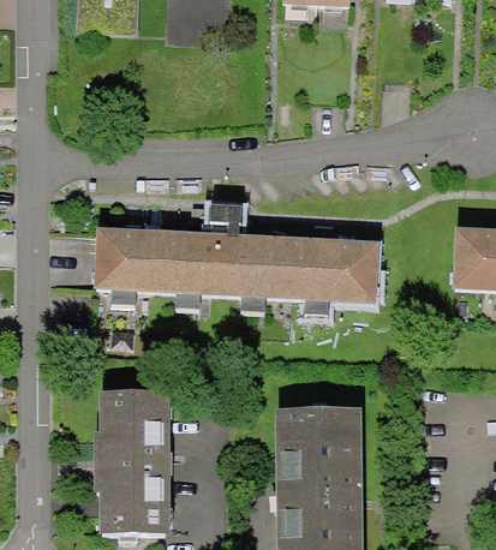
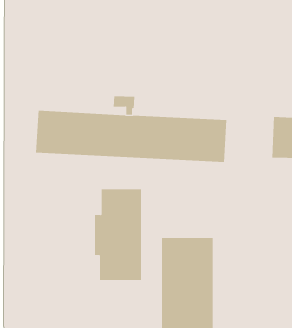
building: [95,396,166,533] -> [94,189,142,281]

